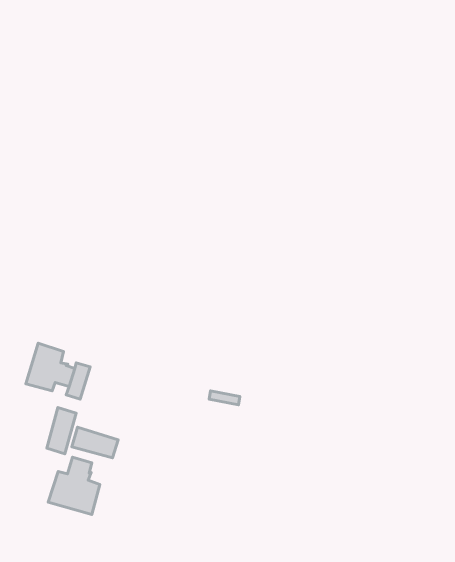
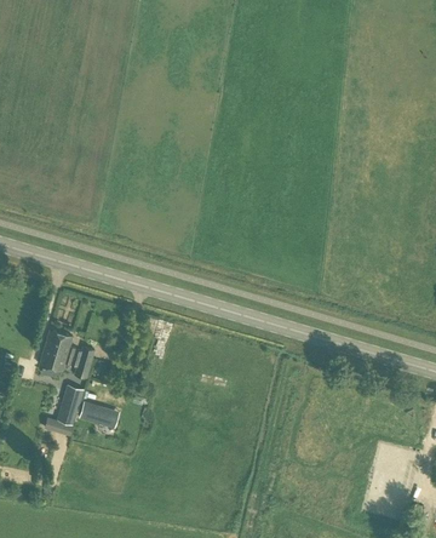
building: [48,457,100,515] -> none

